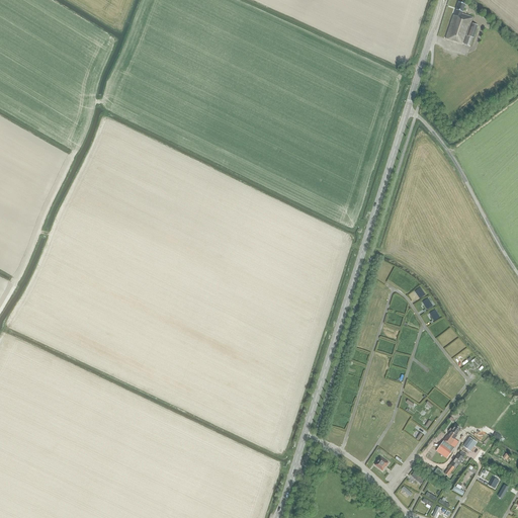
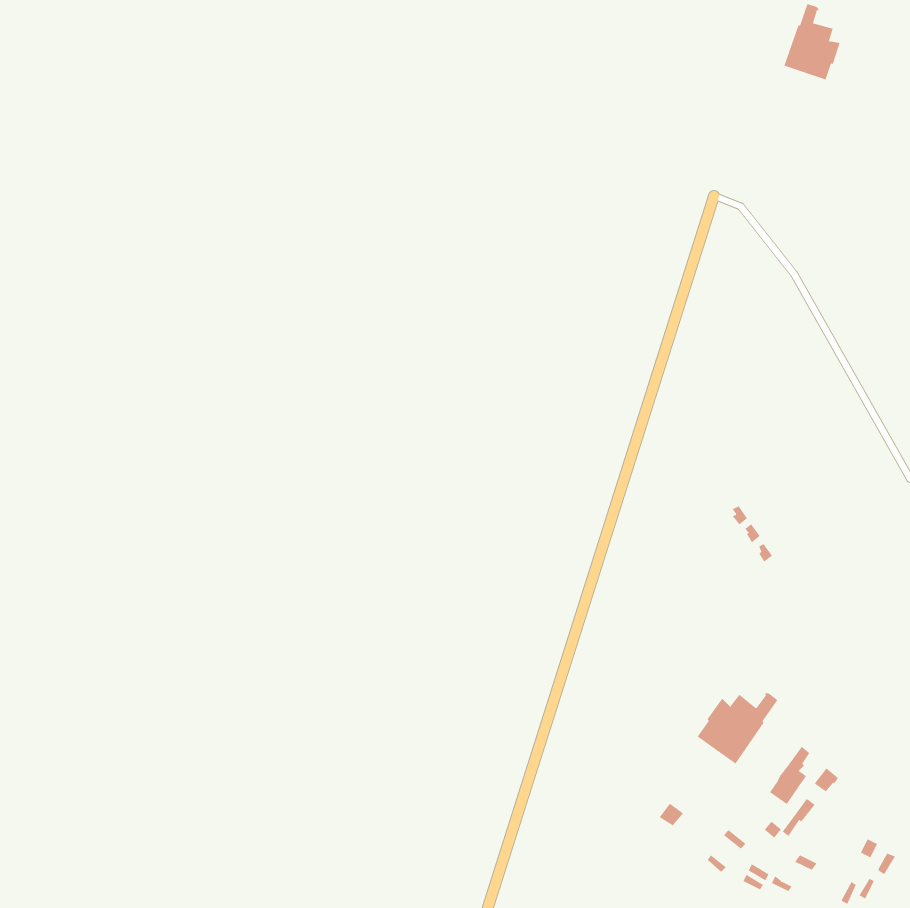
building: none -> [697,691,778,764]

